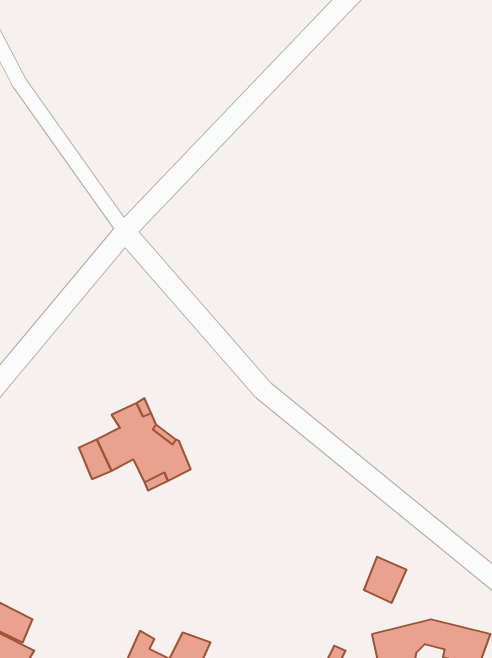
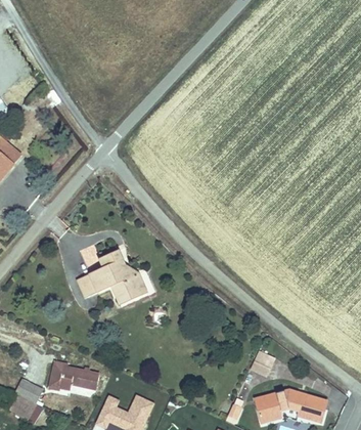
building: none -> [46,361,96,390]

